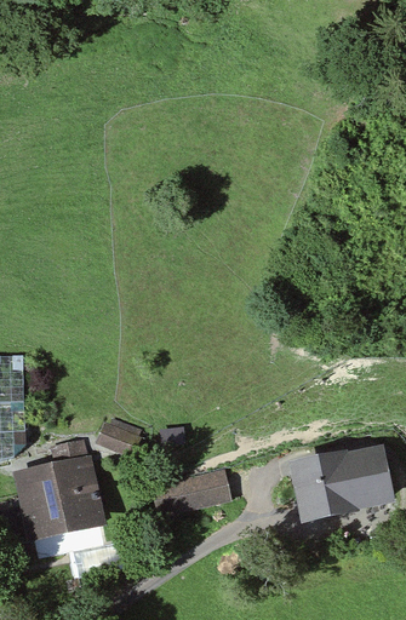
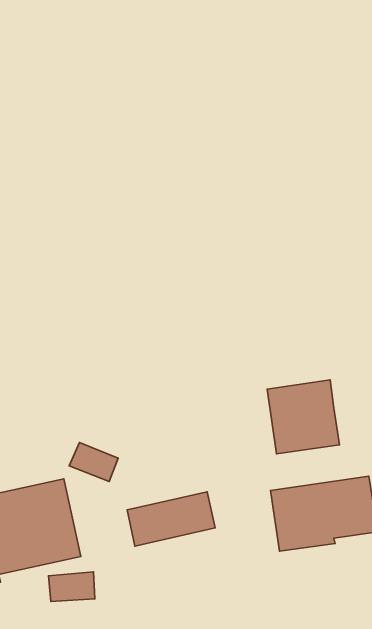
building: none -> [267,380,340,454]

